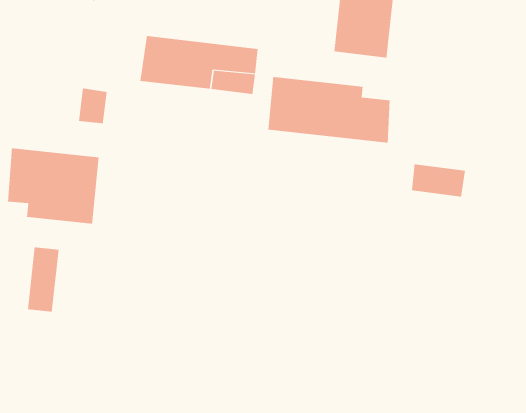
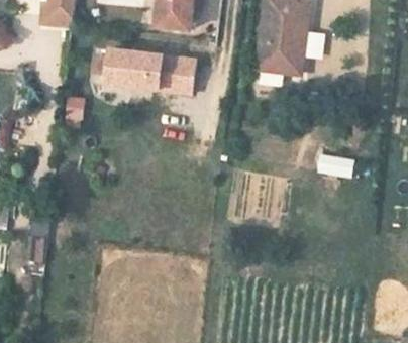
building: [268,76,390,143] -> none
building: [7,147,99,225] -> none

